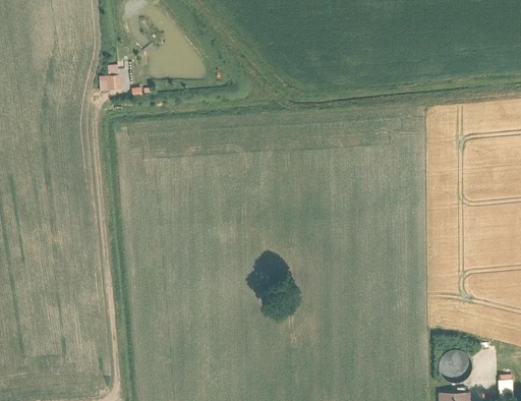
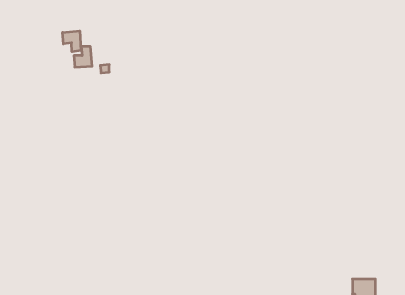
building: none -> [63,31,81,52]

